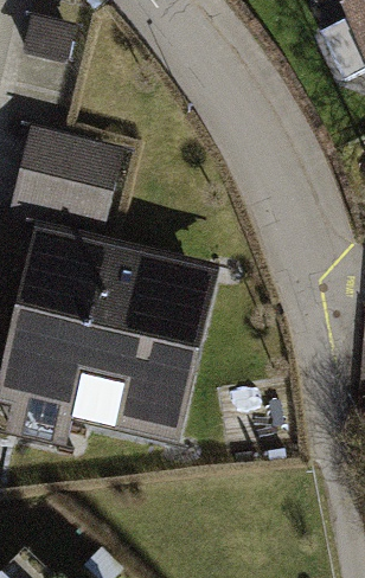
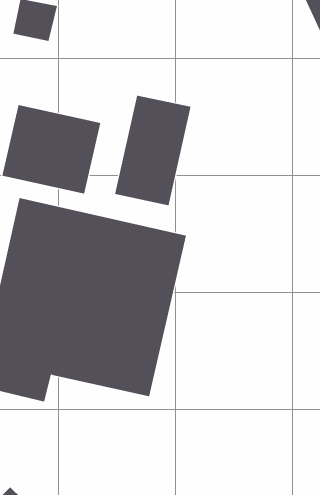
building: none -> [115,95,191,206]

